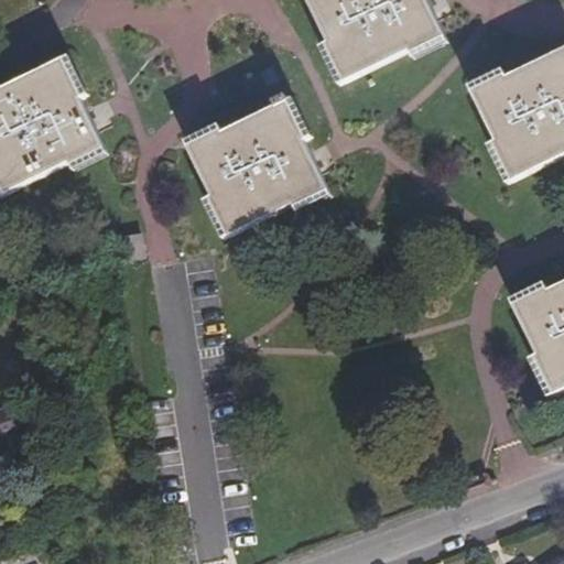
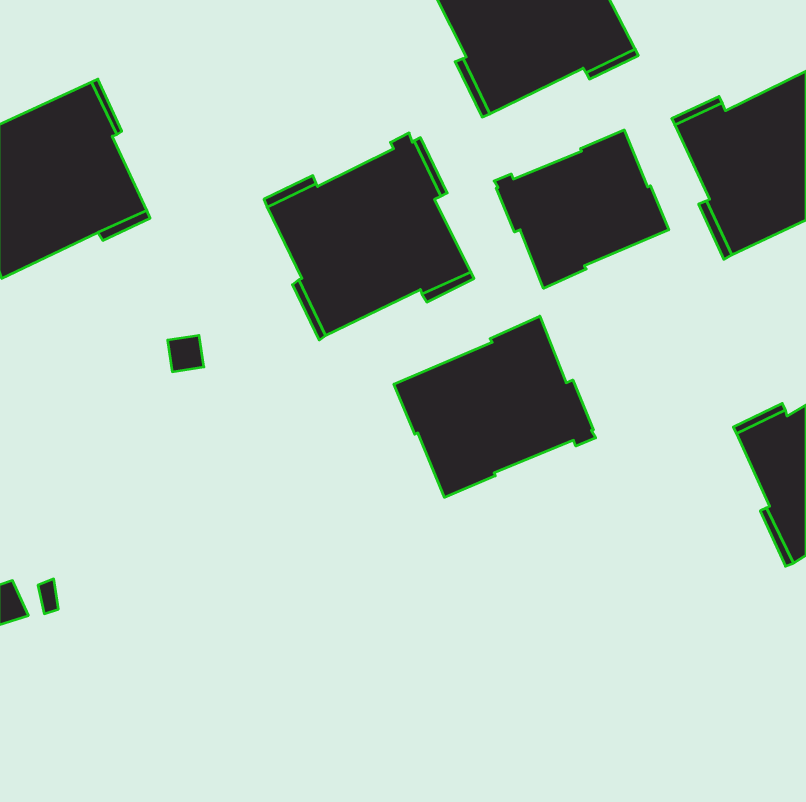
building: none -> [494,130,669,288]
building: none -> [394,316,596,497]

